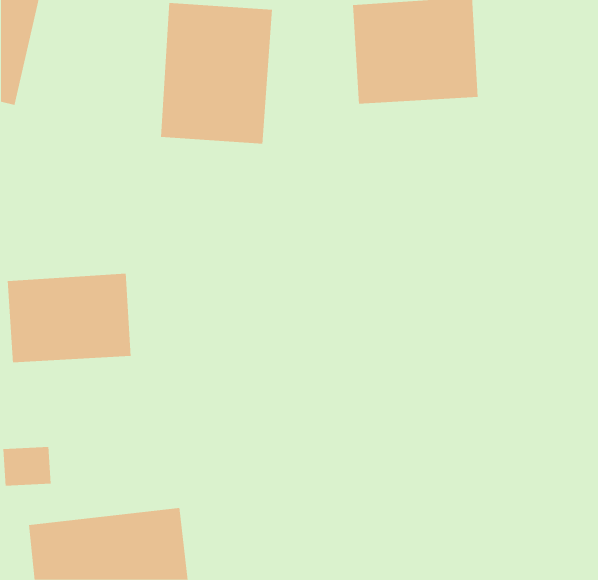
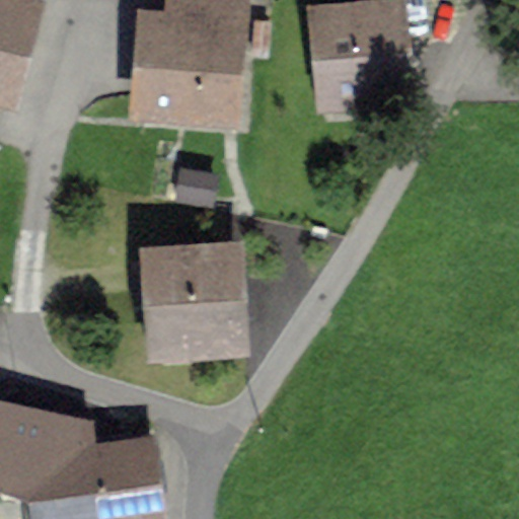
building: [7,273,131,363] -> none
building: none -> [141,245,243,352]

